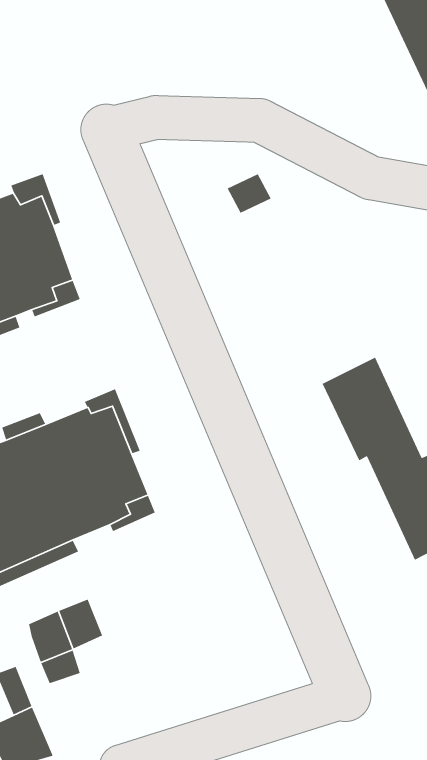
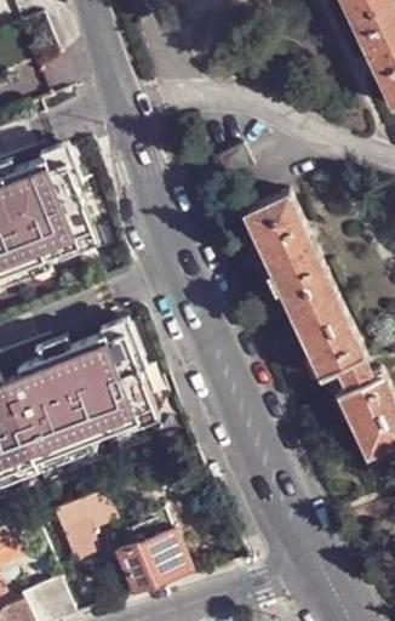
building: none -> [241,193,333,315]
building: none -> [118,511,190,591]

